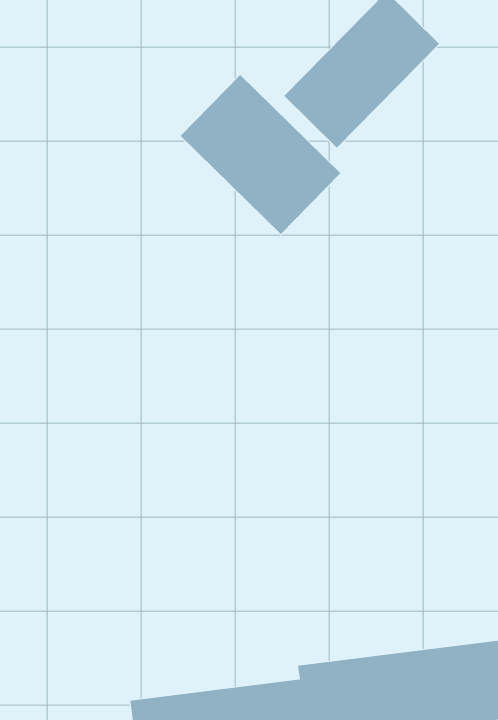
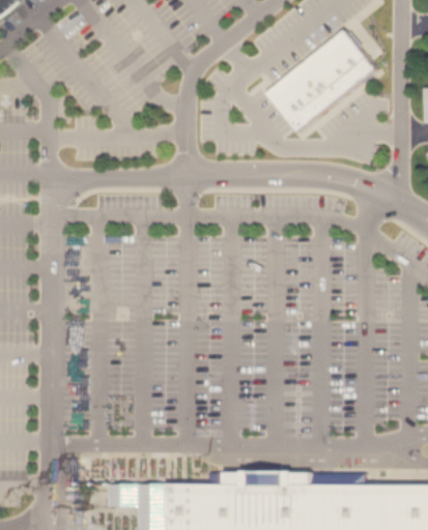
building: [180,74,341,235] -> none

